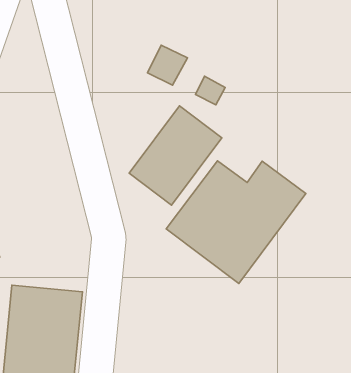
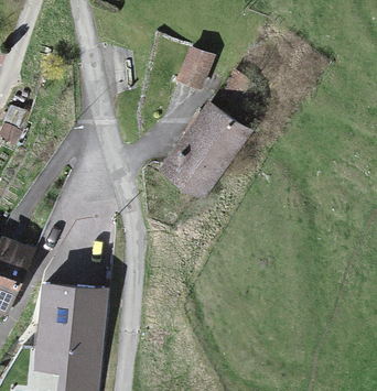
building: [166,161,306,284] -> none

